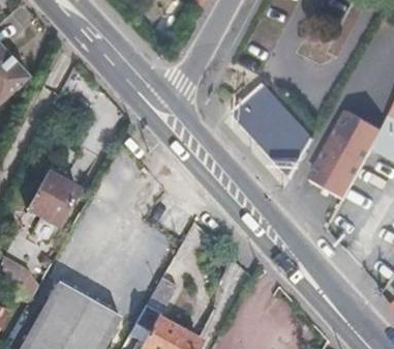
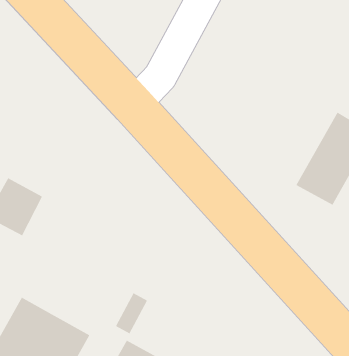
building: [230,84,312,181] -> none

